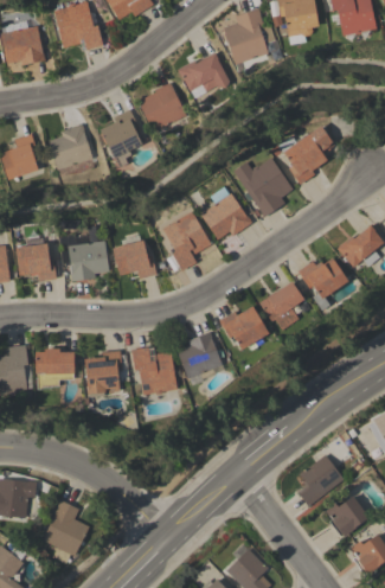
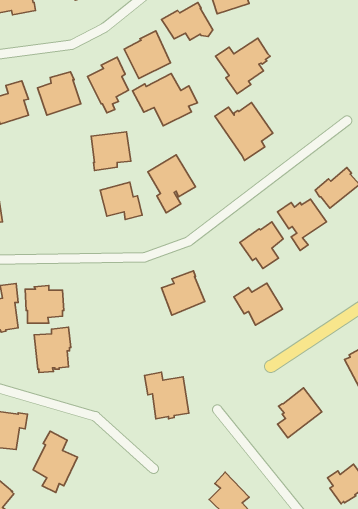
building: [277,126,334,184] -> [216,38,270,94]
building: none -> [132,73,198,126]
building: [200,192,252,239] -> none
building: [68,241,109,281] -> [91,132,131,170]
building: [15,243,56,281] -> none
building: [218,306,269,350] -> [234,283,283,325]
building: [130,346,177,395] -> [145,372,189,419]
building: [84,350,122,397] -> [34,327,71,373]
building: [325,496,368,537] -> none

